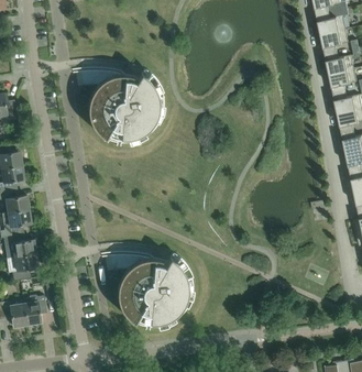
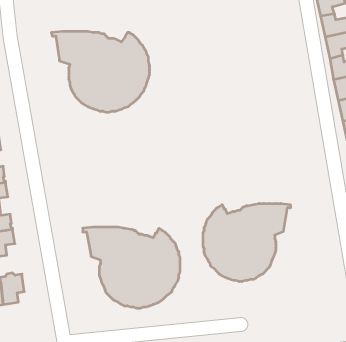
building: none -> [203,203,290,282]

